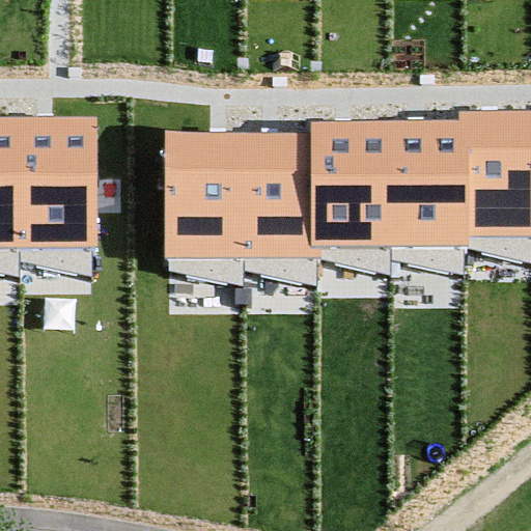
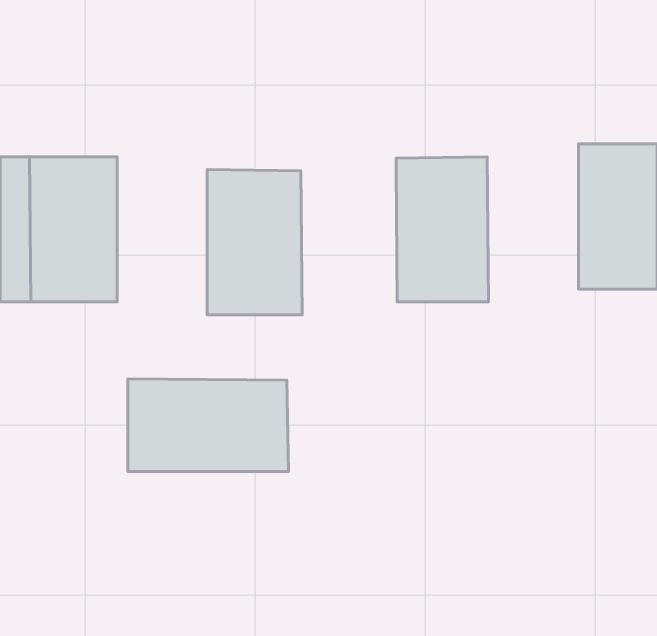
building: [393,127,467,244] -> none
building: [243,137,320,254] -> none
building: none -> [128,379,288,471]

